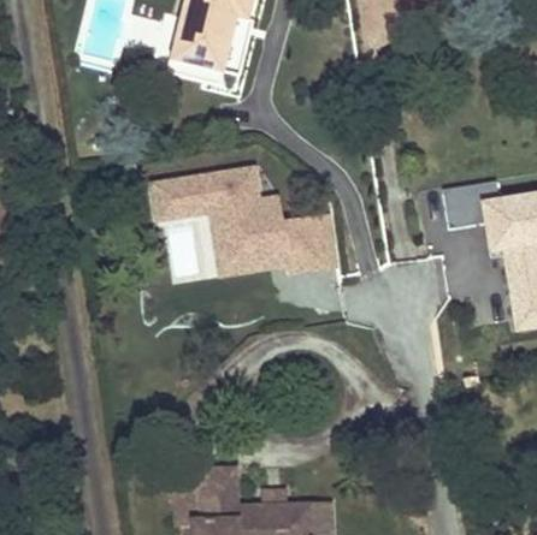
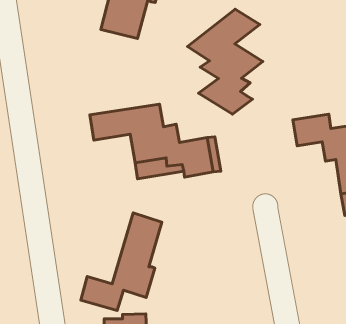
building: none -> [187,9,263,114]
building: none -> [81,213,162,311]

